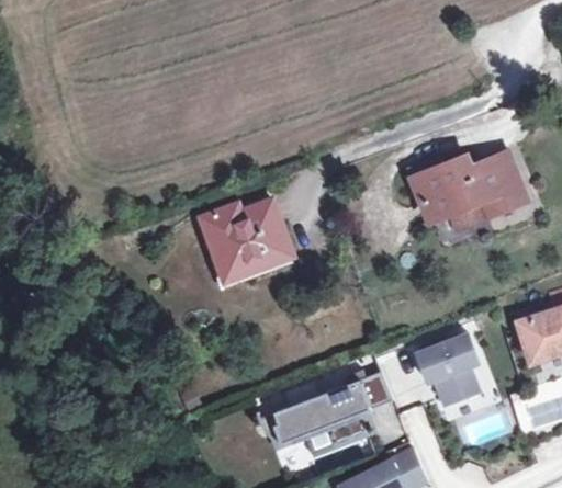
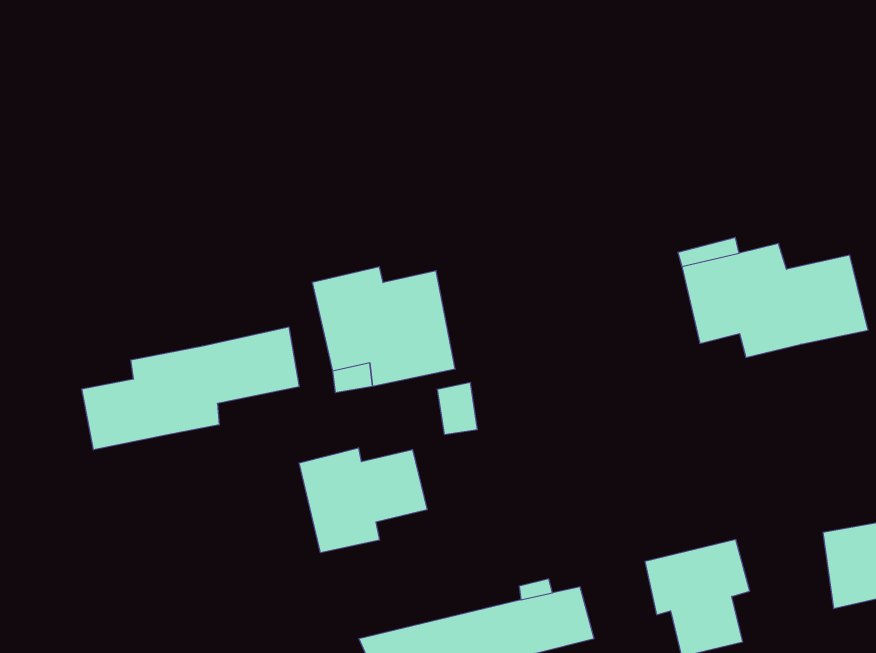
building: none -> [82,327,299,450]
building: none -> [299,448,427,553]

